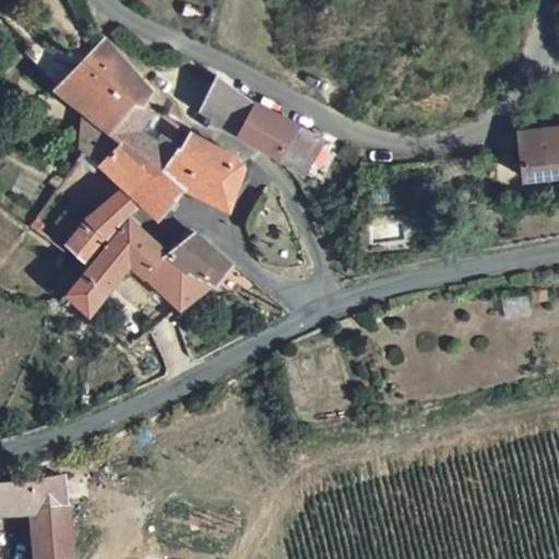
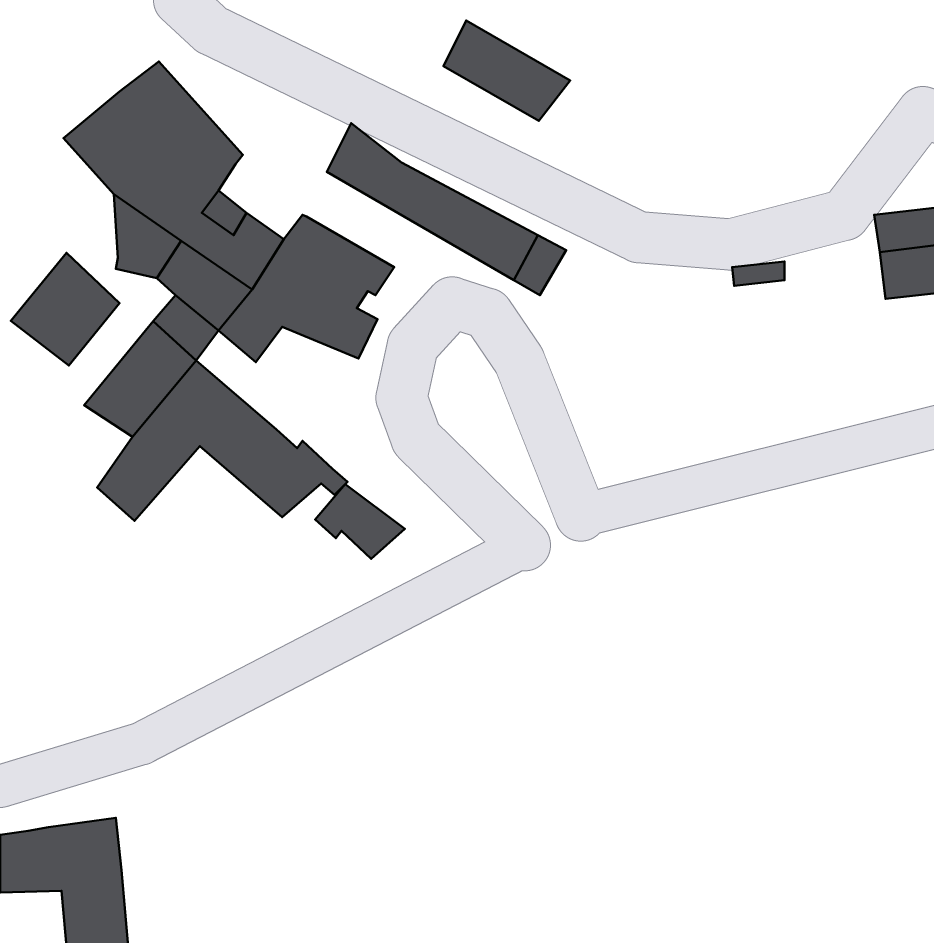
building: none -> [444,20,570,121]
building: none -> [11,253,120,365]
building: [174,237,226,281] -> [315,484,405,559]

